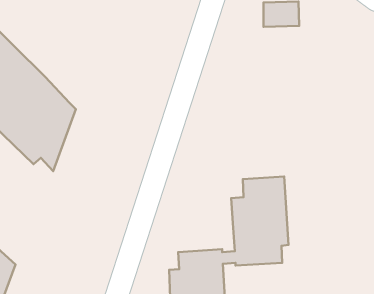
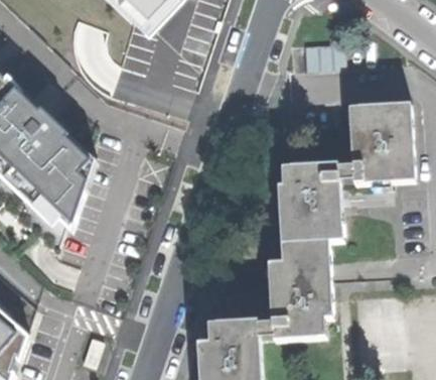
building: none -> [277,102,413,241]

